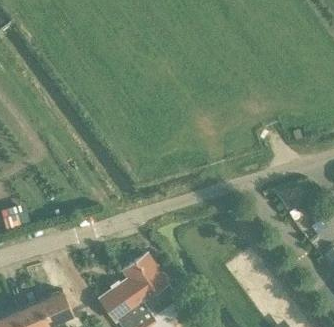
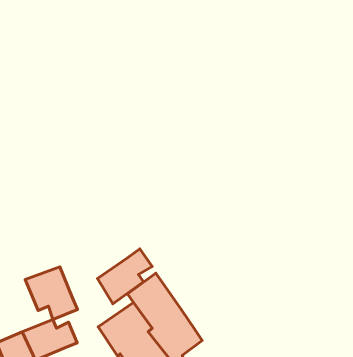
building: none -> [97,249,152,304]
building: none -> [25,267,77,320]

